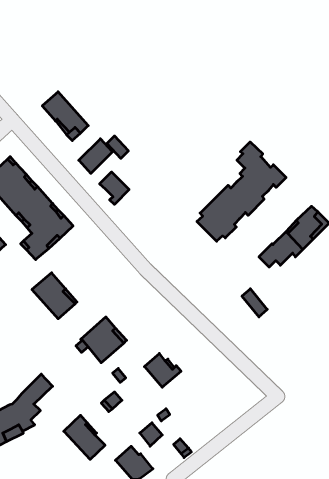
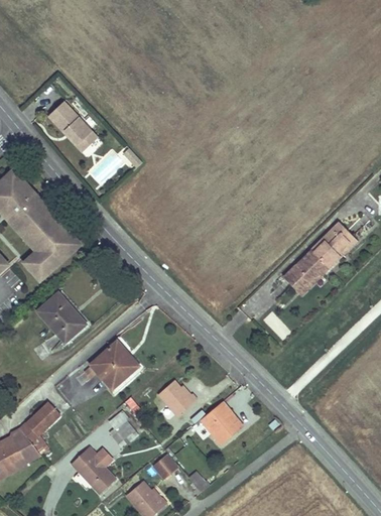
building: [197,142,286,241] -> none
building: [100,172,129,204] -> none
building: none -> [201,402,242,443]

